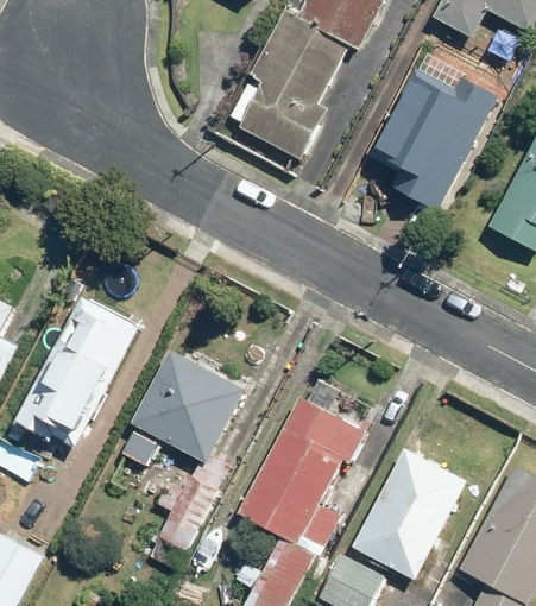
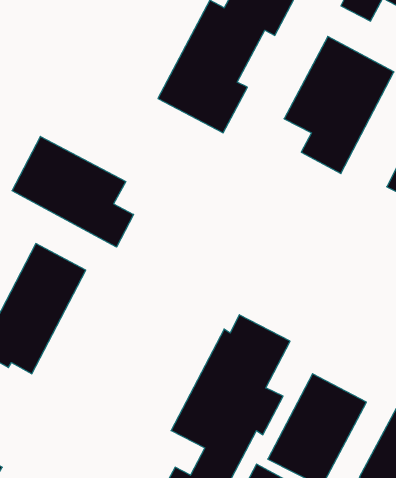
building: none -> [12,136,134,247]
building: [115,347,247,545] -> none

